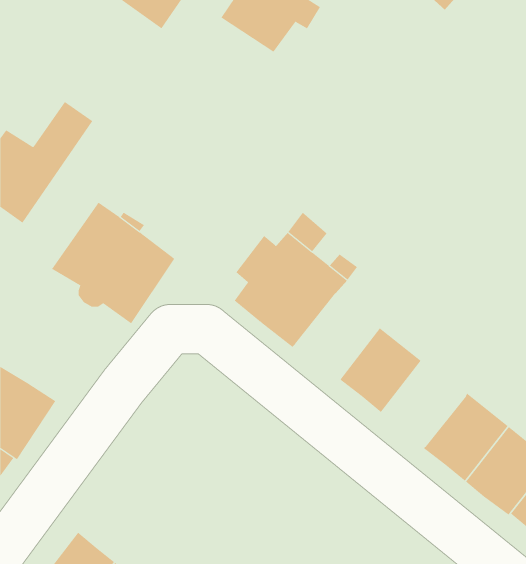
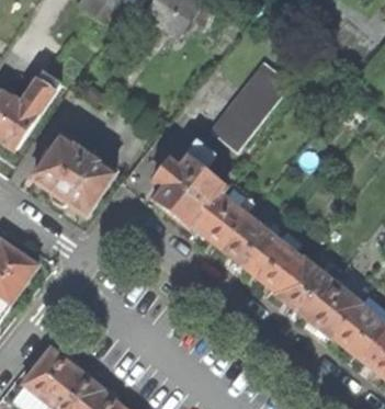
building: none -> [208,60,291,151]
building: none -> [194,194,249,250]
building: none -> [250,238,305,294]

